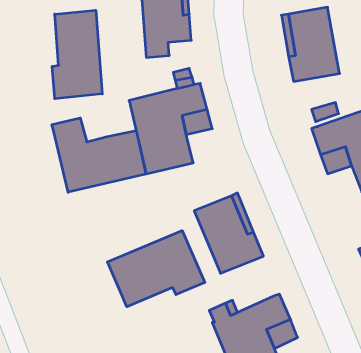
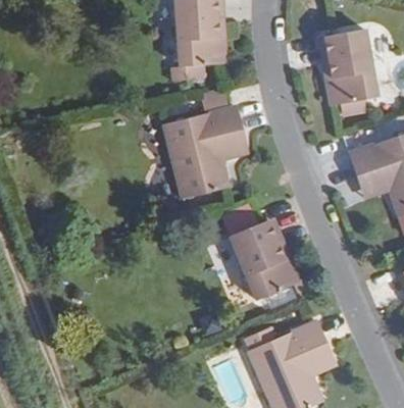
building: [52,10,102,99] -> none
building: [52,118,146,192] -> none
building: [107,231,205,307] -> none

